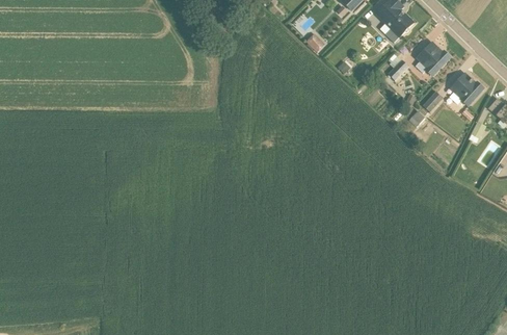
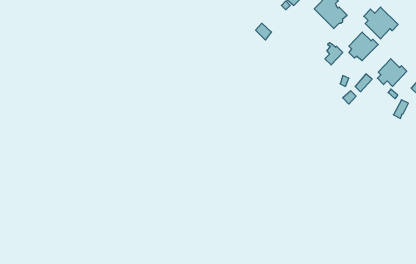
building: none -> [364,7,398,39]

